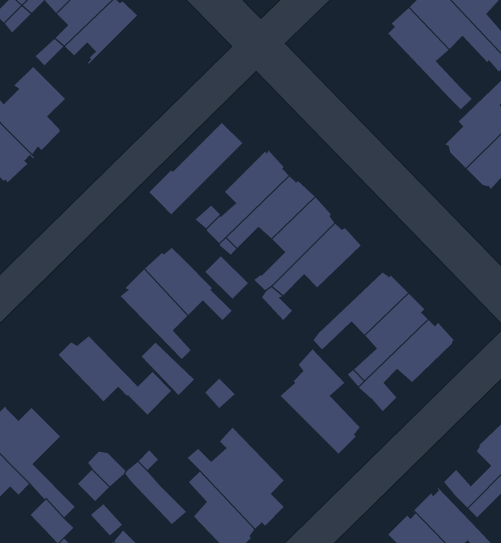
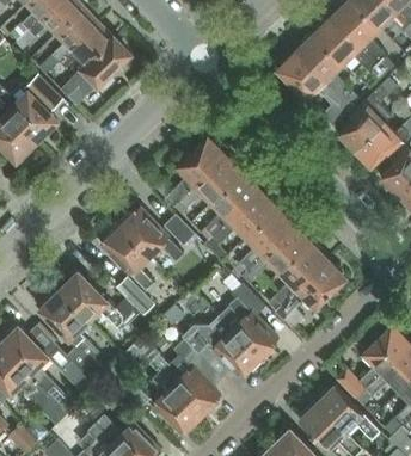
building: none -> [277,51,351,125]
building: [148,122,243,215] -> [61,38,130,106]
building: none -> [239,207,294,271]
building: none -> [41,286,96,355]
building: none -> [182,316,262,378]

